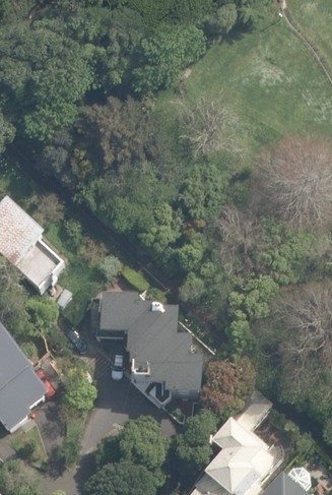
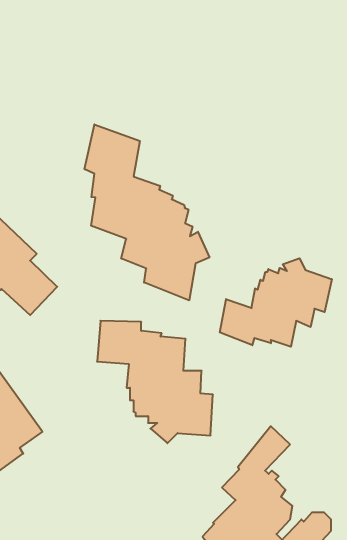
building: none -> [85,124,209,300]
building: none -> [220,258,332,347]

